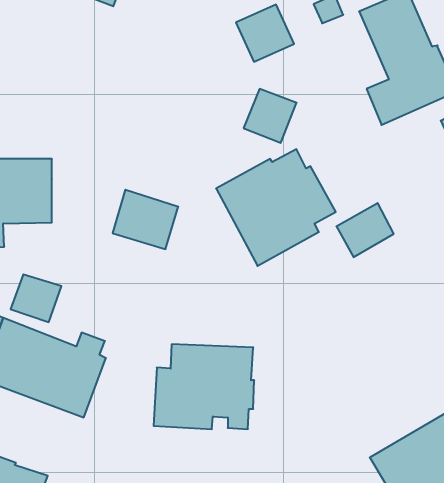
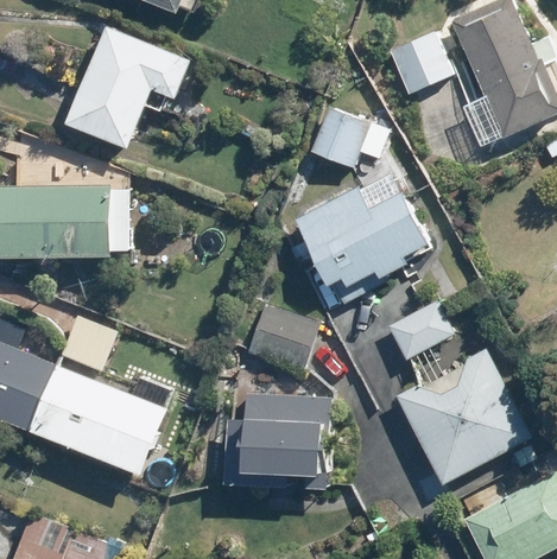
building: [236,5,294,62] -> [388,30,454,94]
building: none -> [88,25,214,146]
building: [113,190,178,249] -> [249,303,323,369]
building: [336,203,394,257] -> [386,300,450,361]
building: none -> [394,349,533,487]

